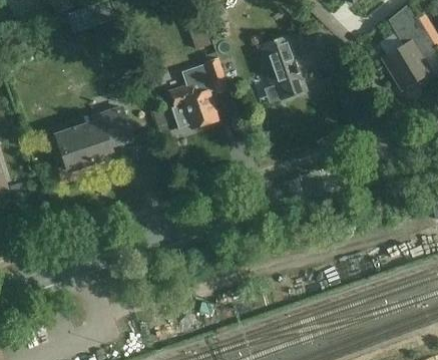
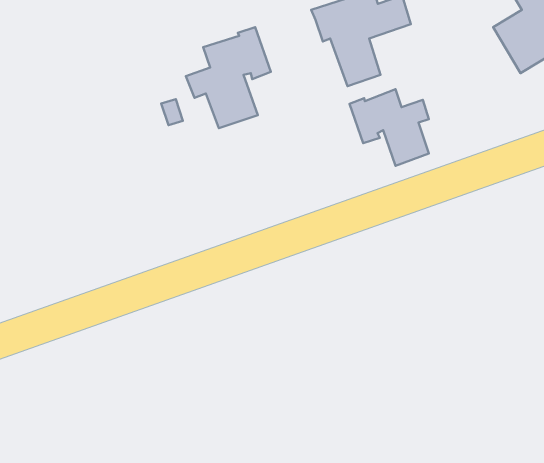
building: none -> [350,89,429,166]
building: [56,107,130,170] -> none

